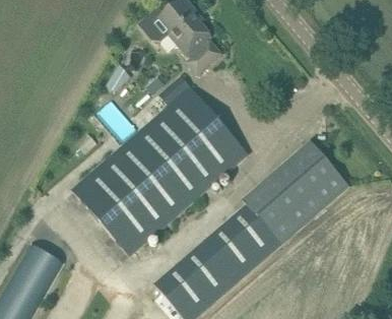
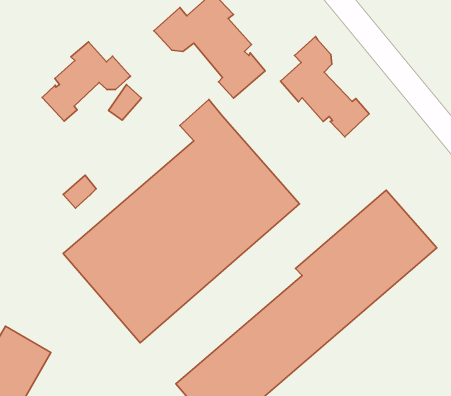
building: none -> [281,37,369,137]
building: none -> [42,42,131,121]

